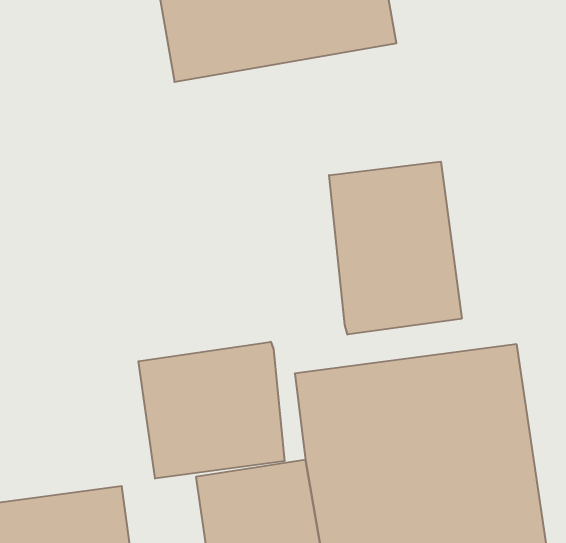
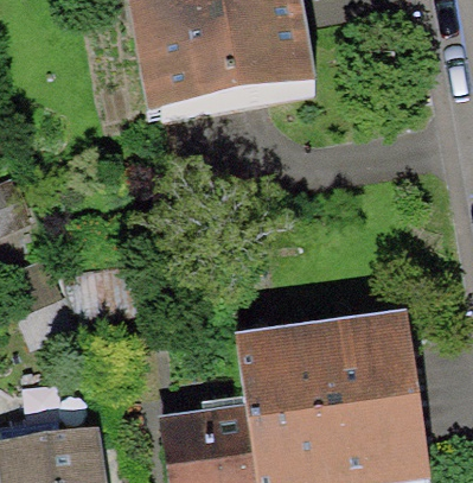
building: [329,162,462,335] -> none
building: [138,342,284,479] -> none

